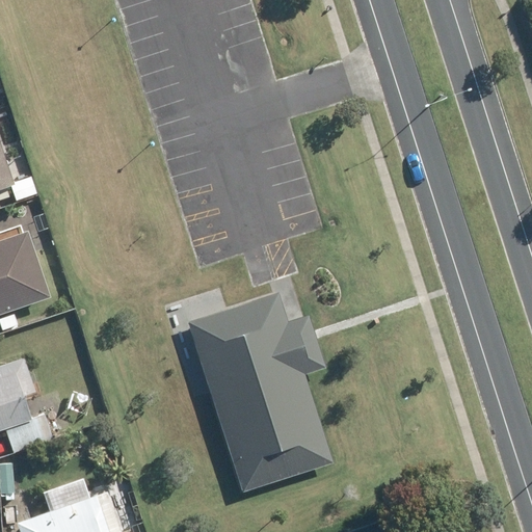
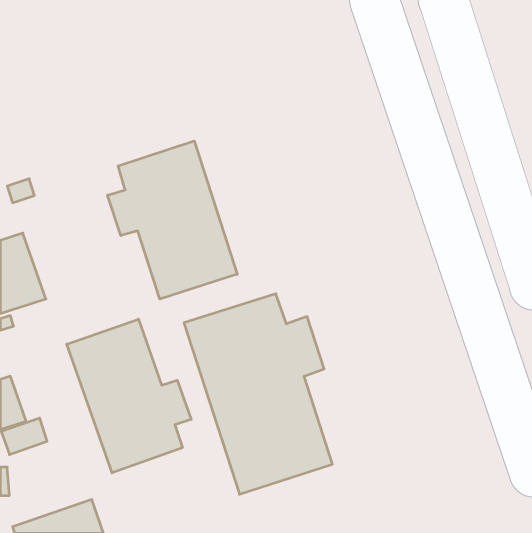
building: none -> [108,141,237,299]
building: none -> [67,319,191,473]

